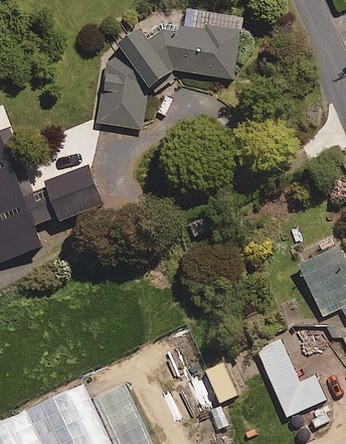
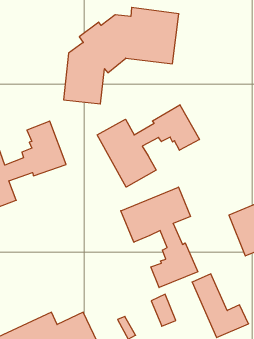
building: none -> [97,105,199,187]
building: none -> [121,187,198,288]

